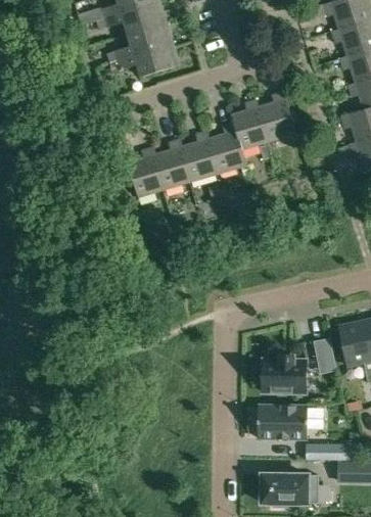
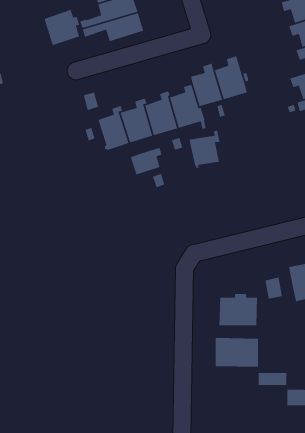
building: none -> [43,9,80,46]
building: none -> [189,130,220,169]
building: none -> [130,147,163,175]
building: [261,474,318,507] -> none

